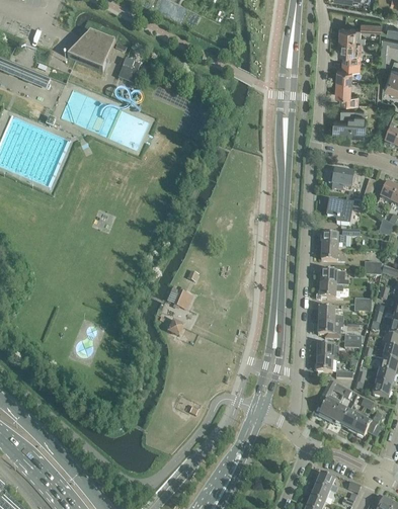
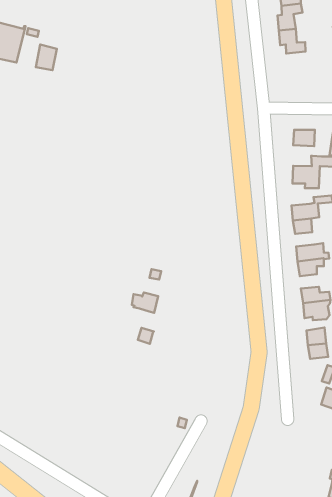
building: [333,107,366,132] -> none

